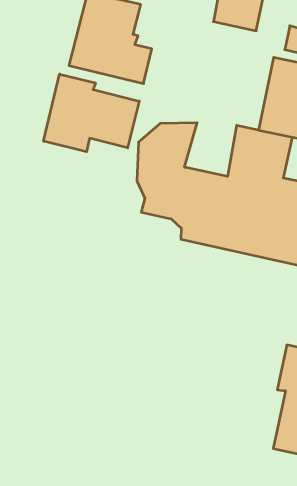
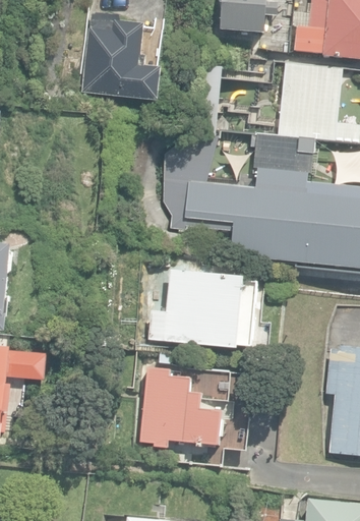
building: [44,74,139,152] -> none
building: none -> [148,270,244,348]
building: none -> [140,367,222,447]

